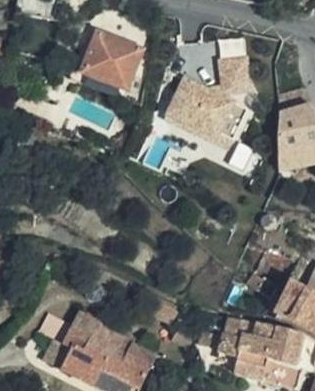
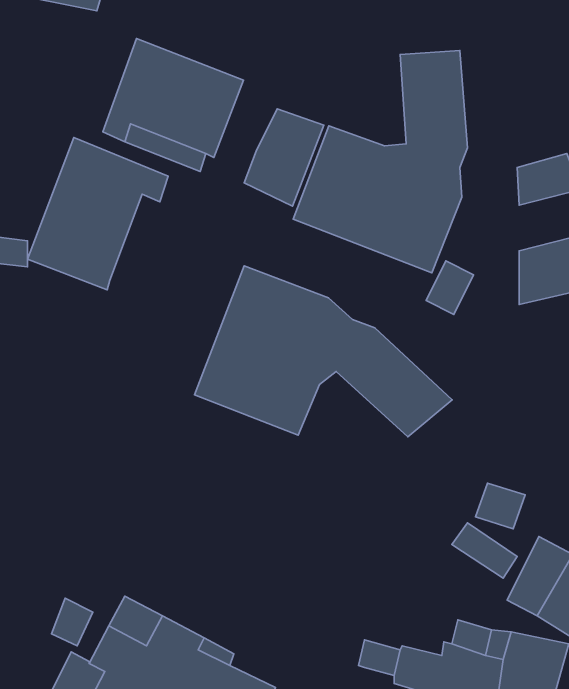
building: none -> [244,109,324,206]
building: none -> [28,137,168,290]
building: none -> [194,266,452,437]

